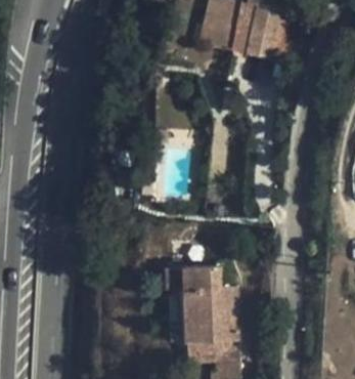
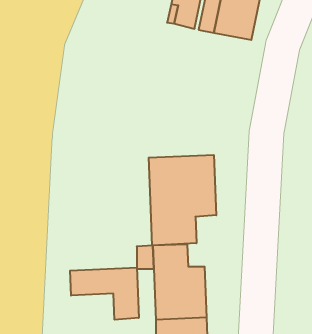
building: none -> [149,155,216,245]
building: none -> [70,268,139,320]

